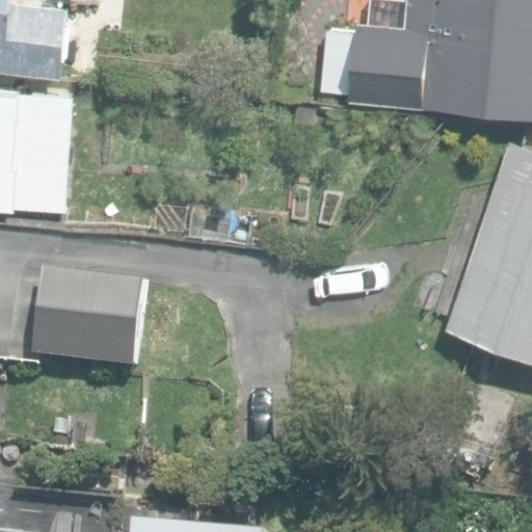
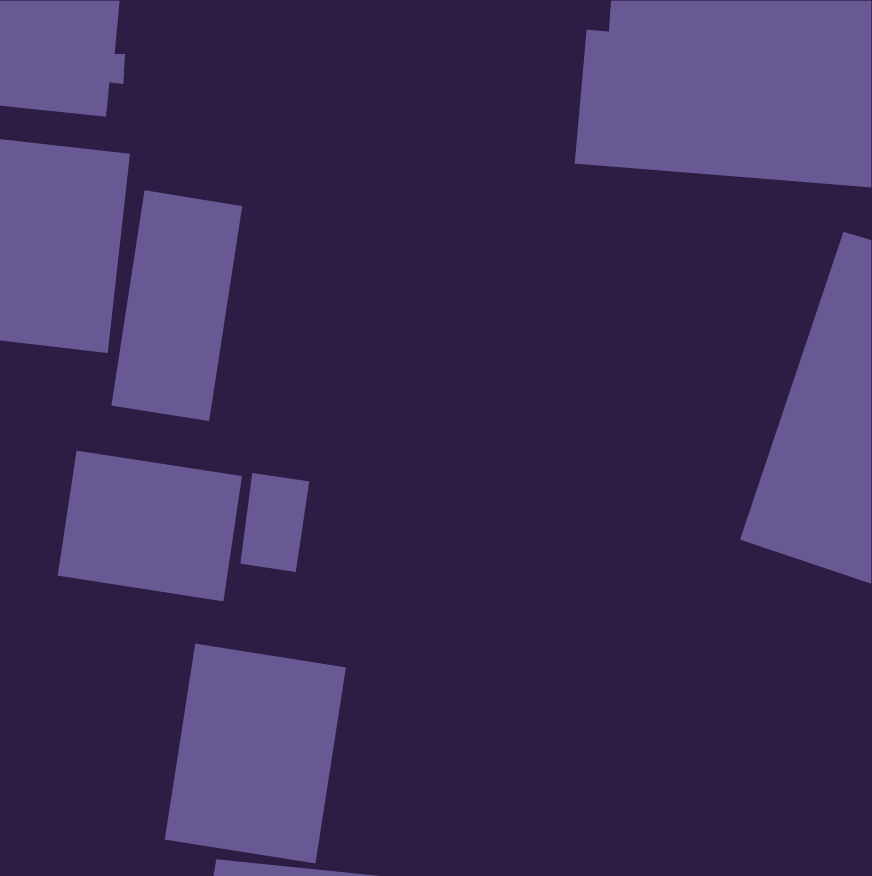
building: none -> [111,190,243,422]
building: none -> [164,643,346,864]

